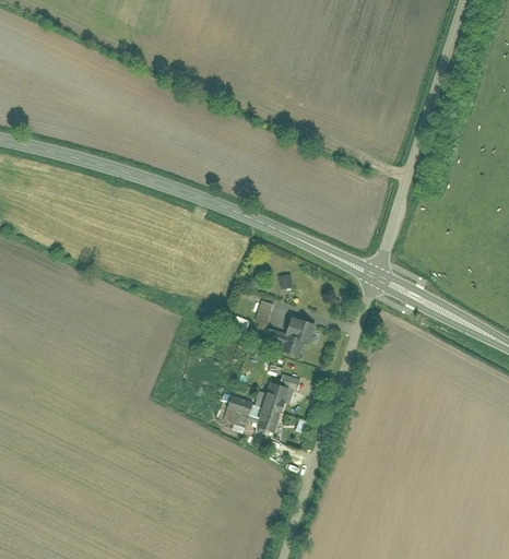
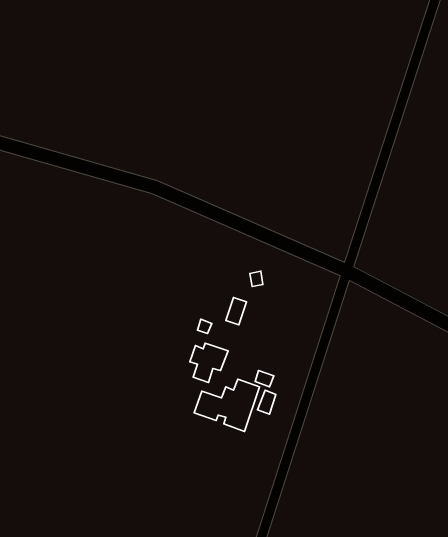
building: [281,317,319,356] -> [190,343,228,383]

